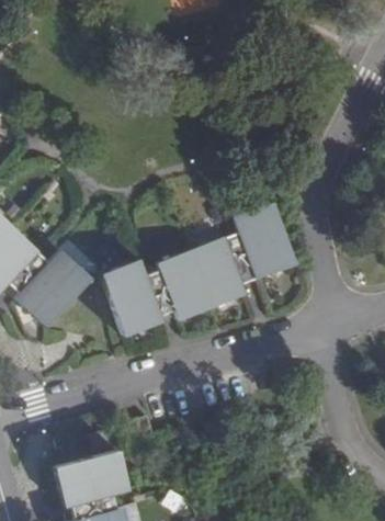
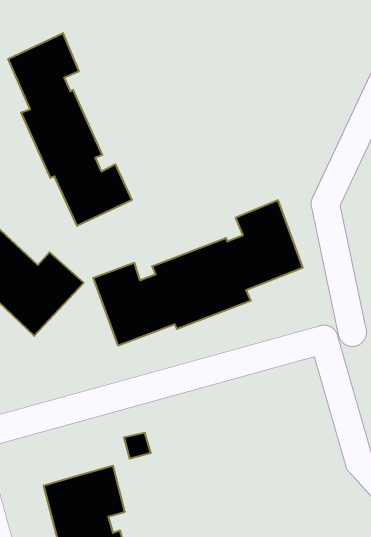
building: none -> [8,33,132,226]

